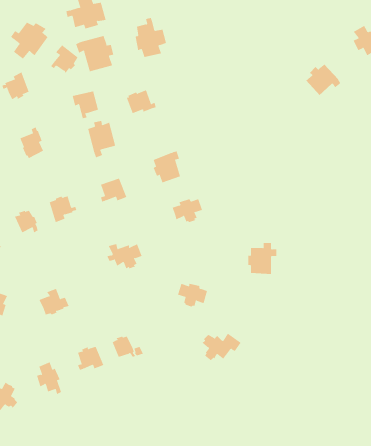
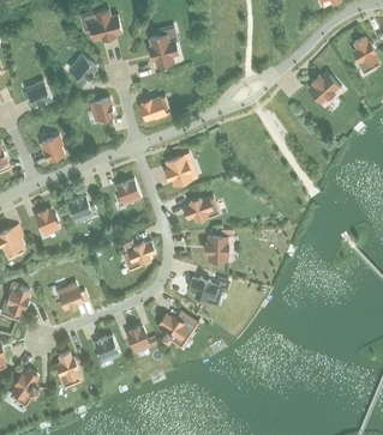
building: [10,21,48,60] -> none
building: [75,35,114,72] -> none
building: [87,120,116,158] -> none
building: [248,242,277,275] -> [205,231,233,261]
building: [202,333,242,361] -> [160,314,197,340]

